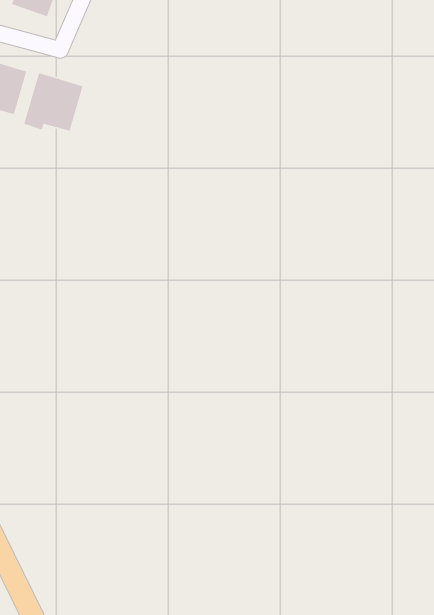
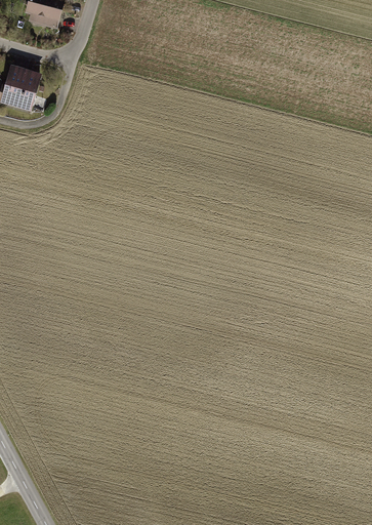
building: [23,72,83,132] -> none

